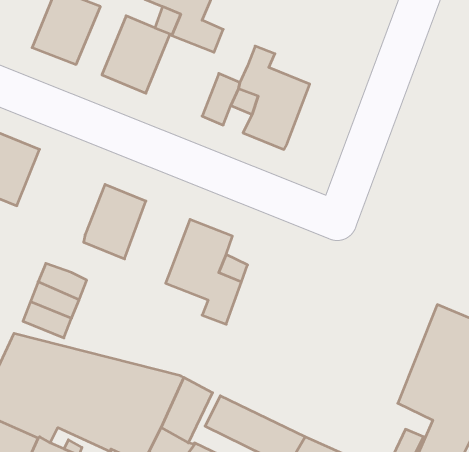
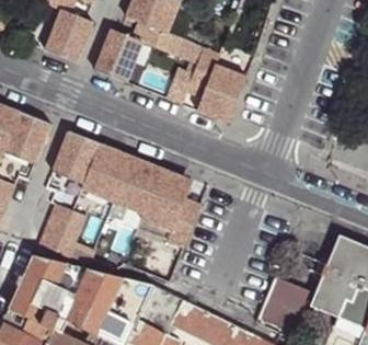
building: none -> [51,131,99,185]
building: none -> [112,161,159,215]
building: none -> [254,278,308,336]

